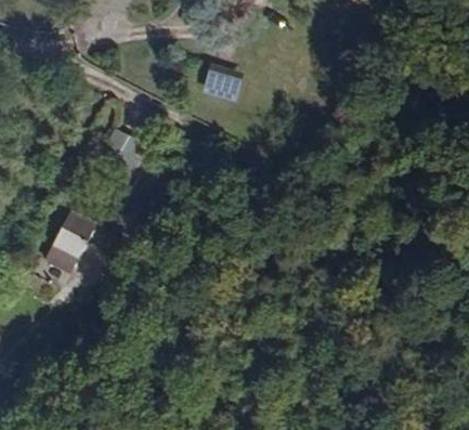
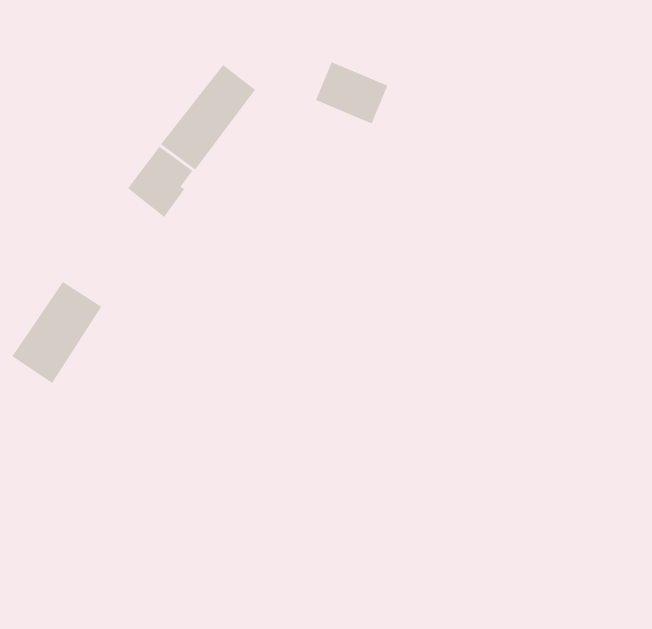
building: none -> [160,64,256,171]

